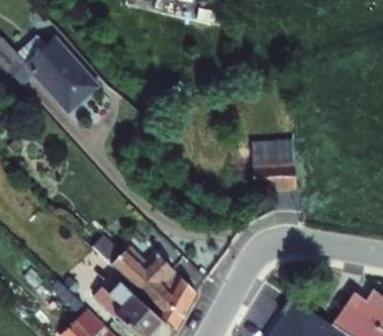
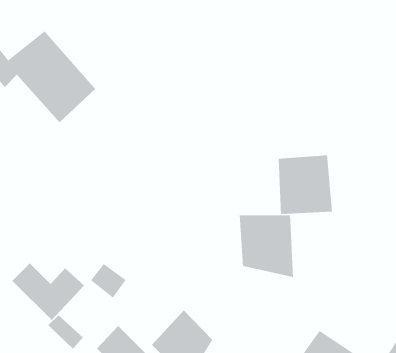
building: none -> [239,214,294,278]
building: [112,251,173,300] -> [12,262,85,321]

